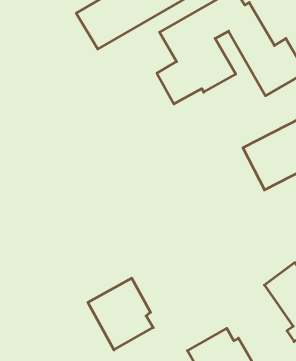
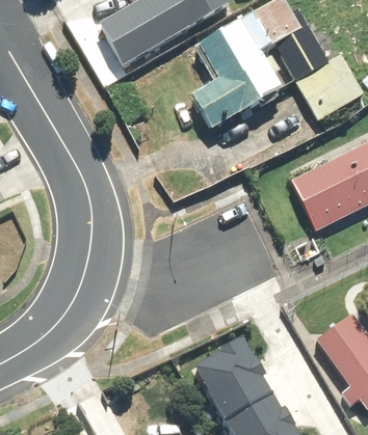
building: [88,278,153,350] -> [194,334,270,417]

